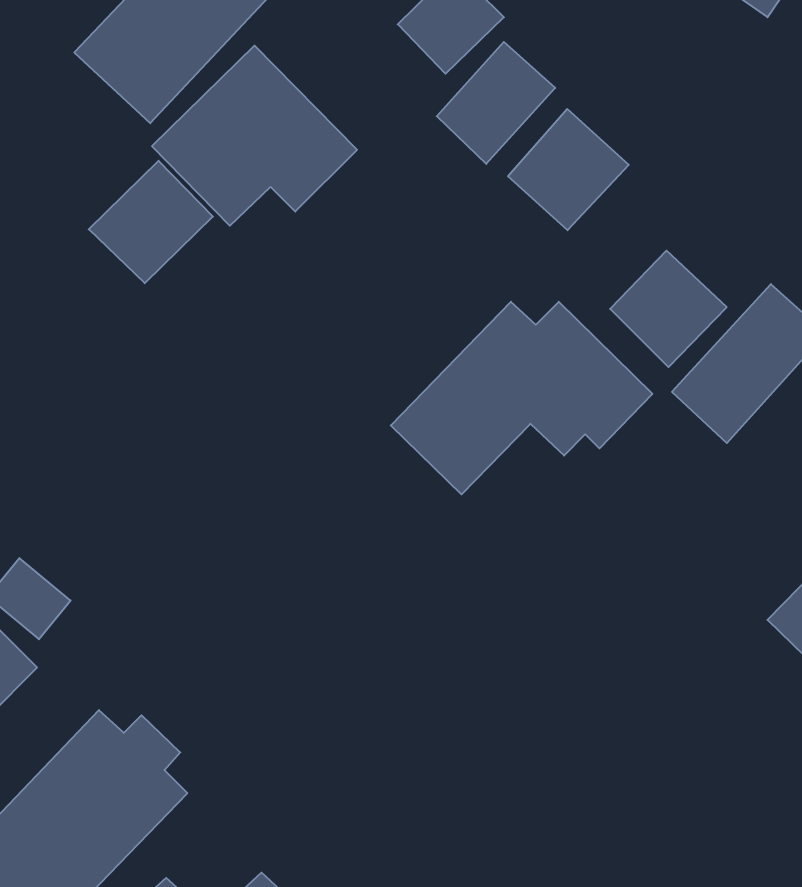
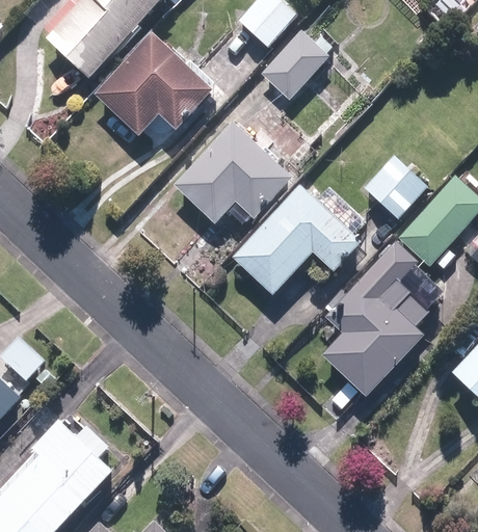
building: [508,109,629,230] -> none
building: [89,161,213,283] -> none
building: none -> [171,121,293,224]
building: none -> [320,241,435,398]

